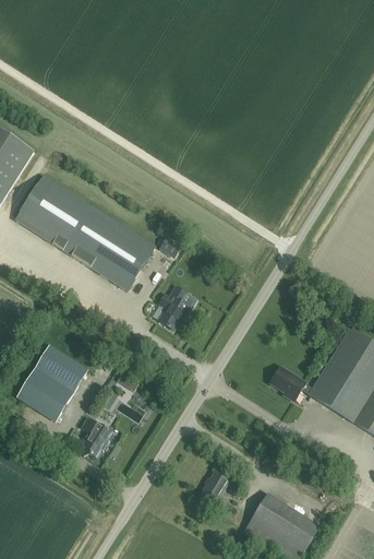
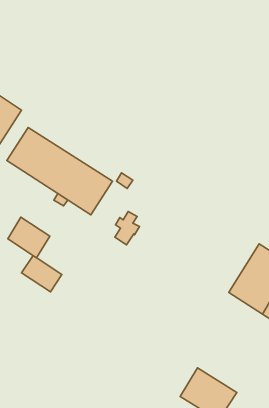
building: [269,366,312,400] -> none
building: [17,367,73,420] -> [8,217,50,258]
building: [81,420,111,455] -> none
building: [200,472,229,503] -> none

